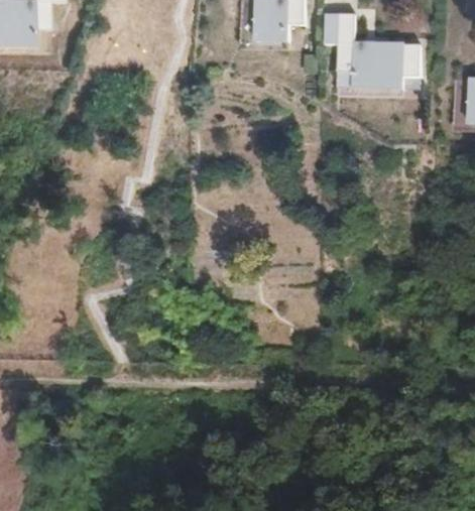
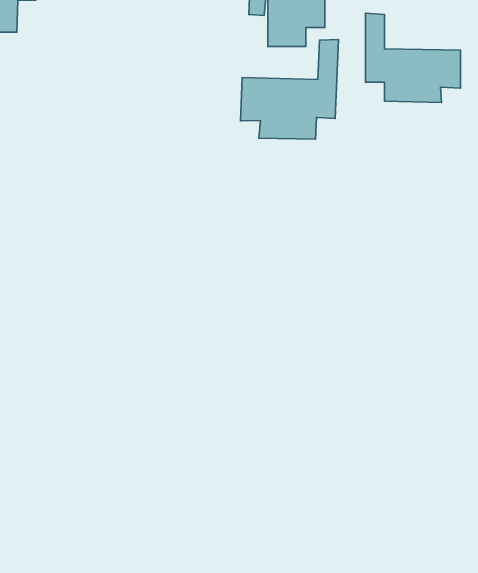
building: none -> [240,40,338,139]

